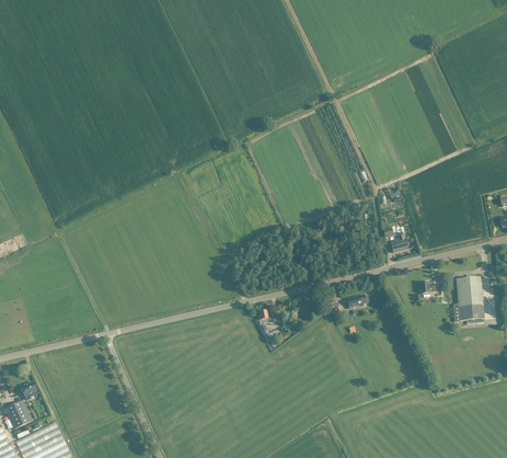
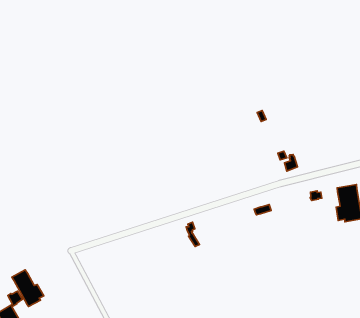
building: none -> [12,270,44,306]

